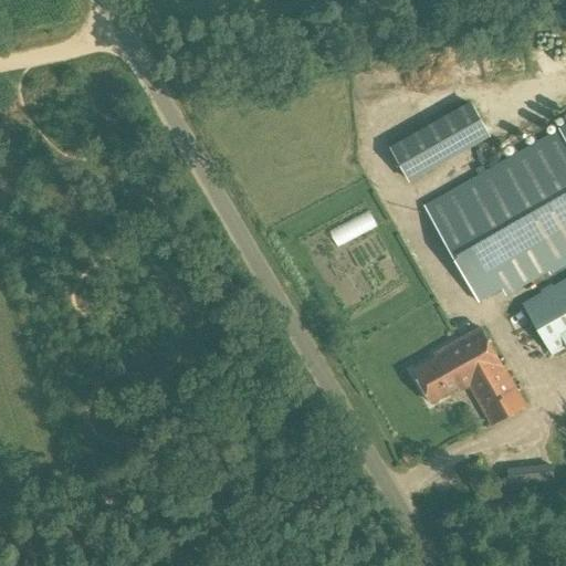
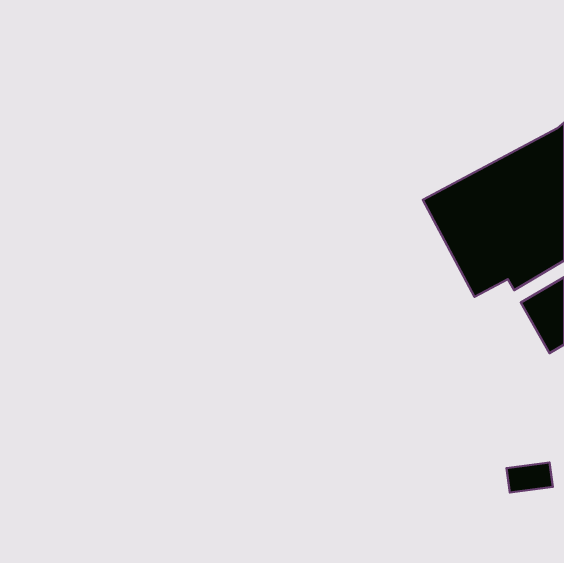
building: [391,103,493,186] -> none
building: [415,328,526,424] -> none

